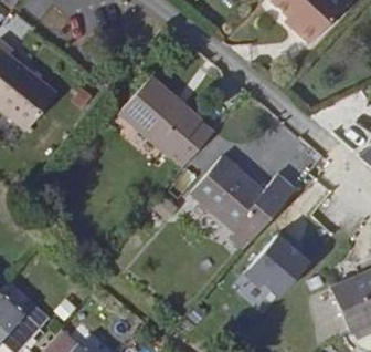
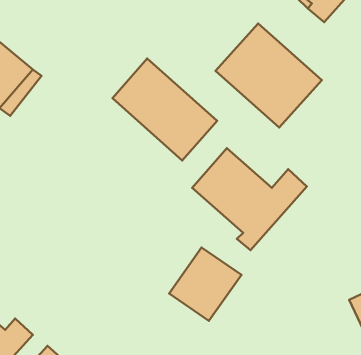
building: none -> [216,24,322,127]
building: [252,242,316,308] -> [169,247,241,321]

